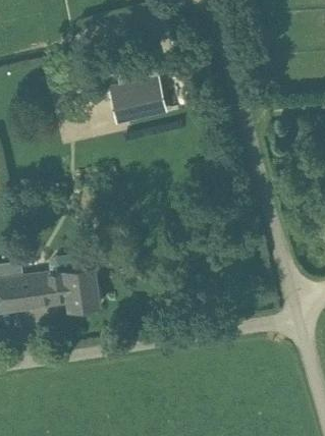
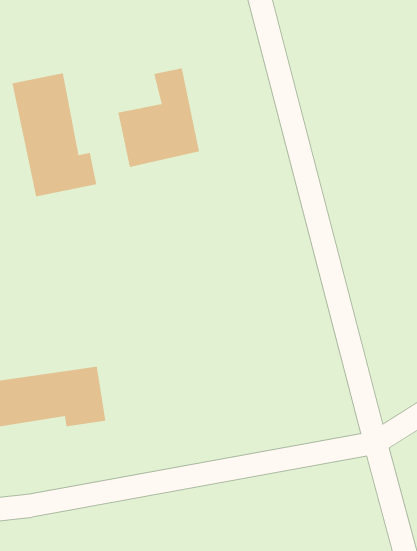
building: none -> [12,73,97,197]

